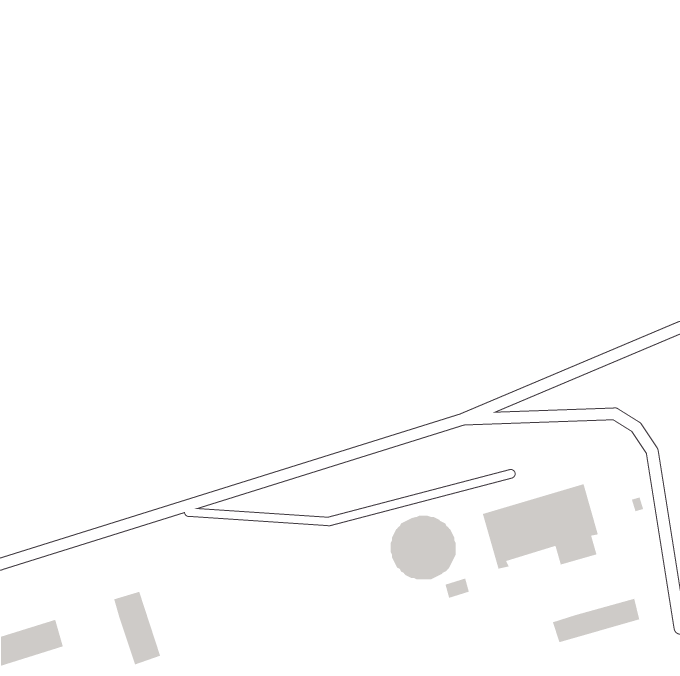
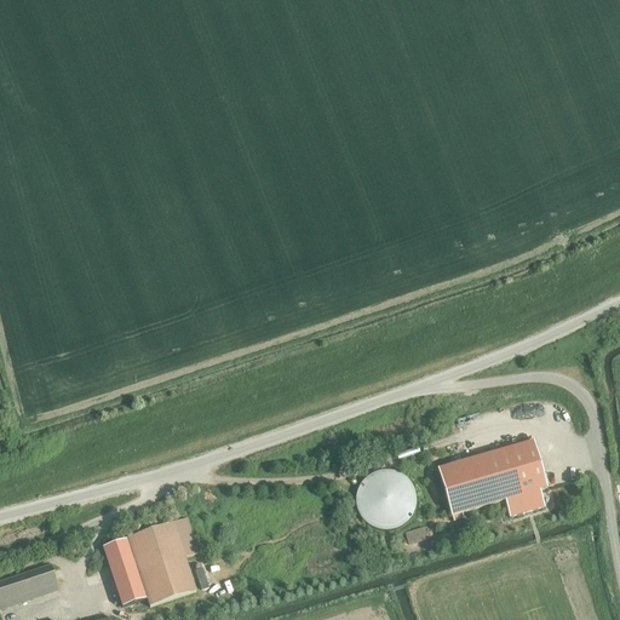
building: none -> [127,516,197,604]
building: [552,598,640,643] -> none

